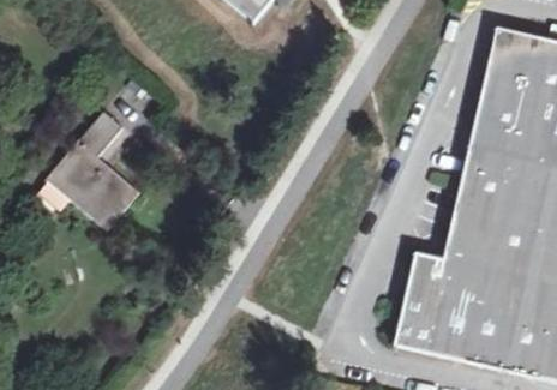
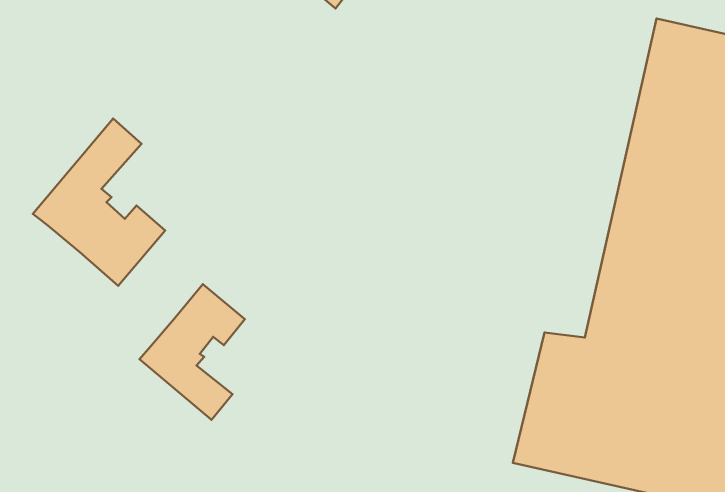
building: none -> [139,284,245,420]

